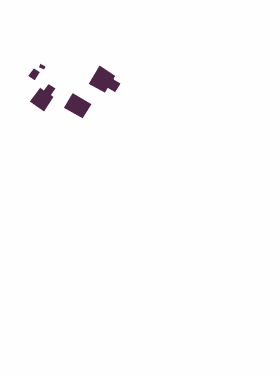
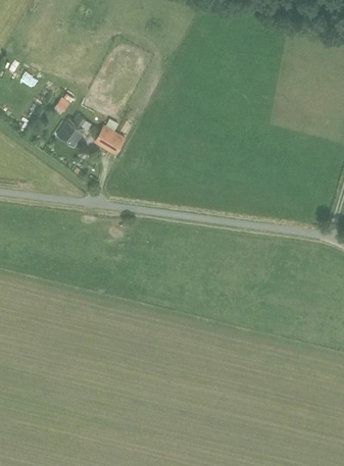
building: [88,64,122,94] -> none

